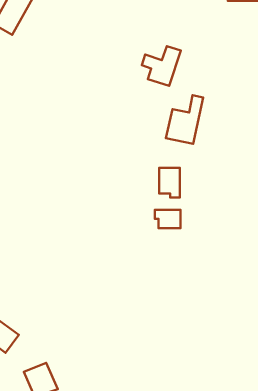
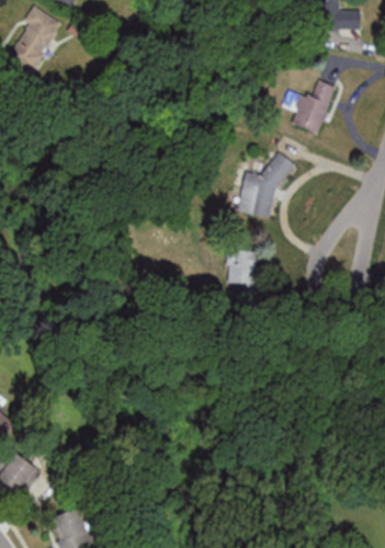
building: [142,46,181,86] -> [284,80,336,133]
building: [155,210,181,228] -> none

